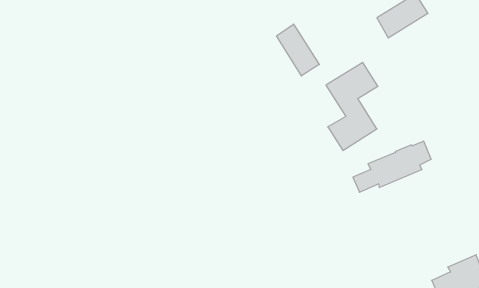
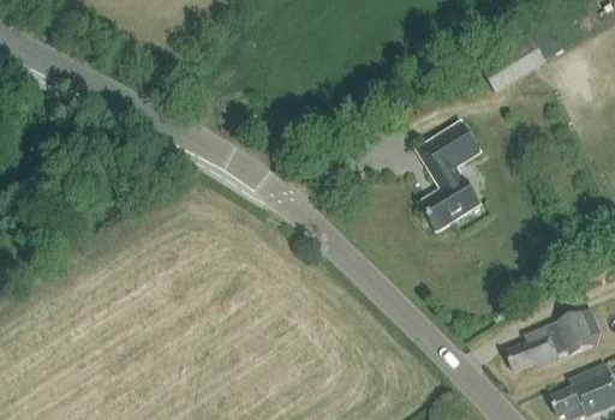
building: [277,24,319,76] -> none
building: [353,141,431,192] -> [504,306,604,371]

